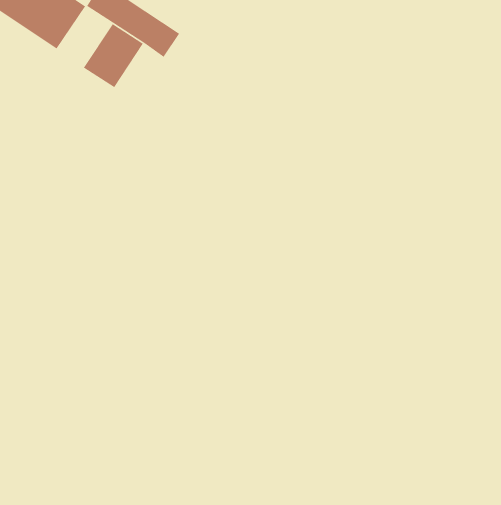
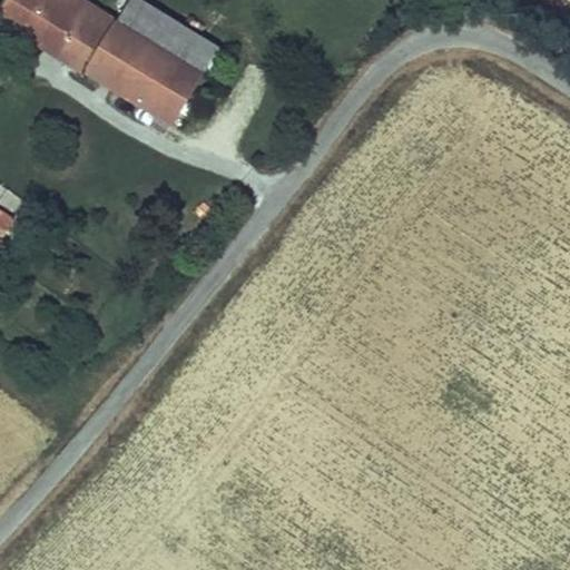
building: none -> [62,7,124,75]
building: none -> [126,48,202,126]

